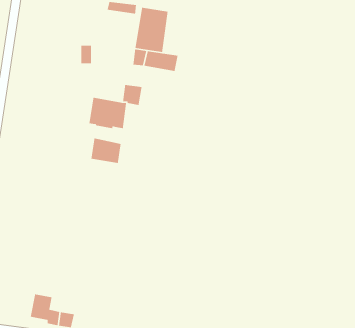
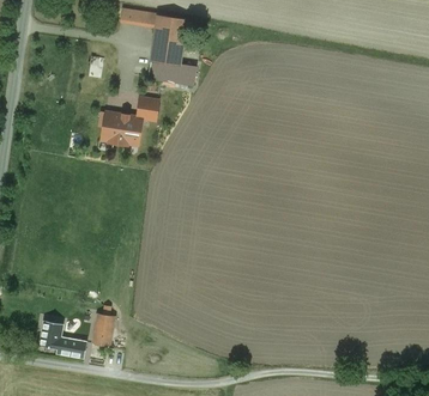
building: [91,137,122,164] -> none
building: none -> [92,312,114,346]

